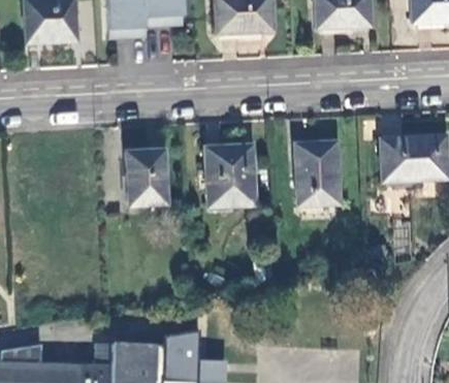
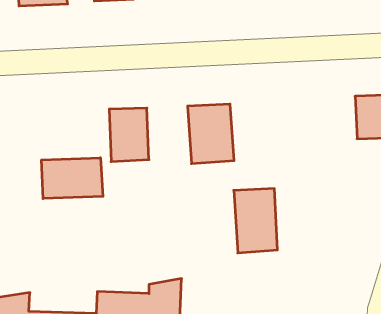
building: [294,138,340,205] -> [234,189,277,253]
building: none -> [42,158,103,199]

